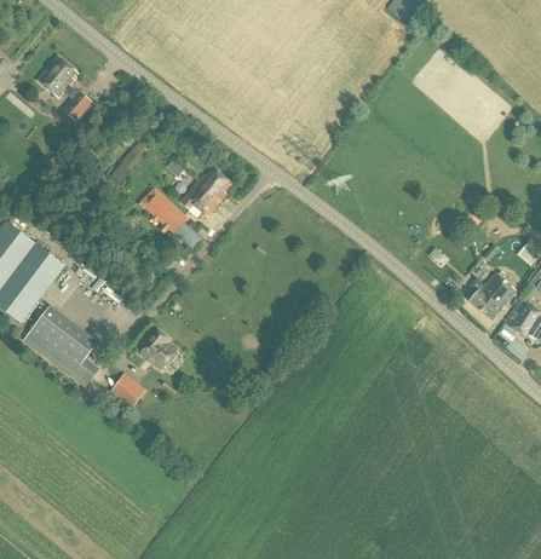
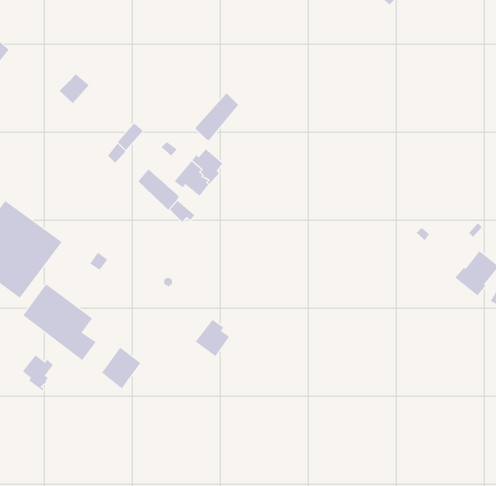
building: [38,56,79,98] -> none
building: none -> [195,93,239,141]
building: [140,330,177,369] -> [195,319,230,357]
building: none -> [22,354,54,392]

